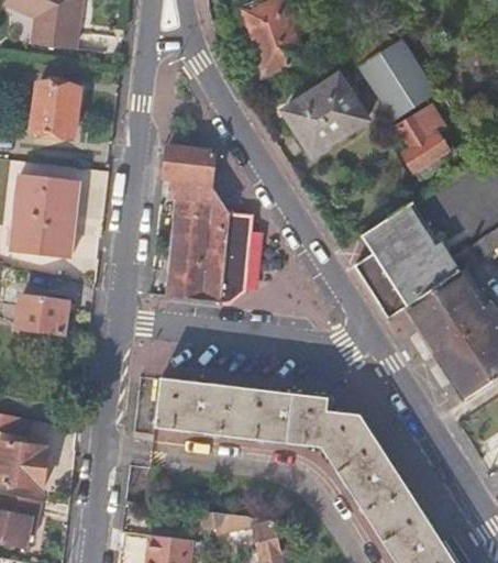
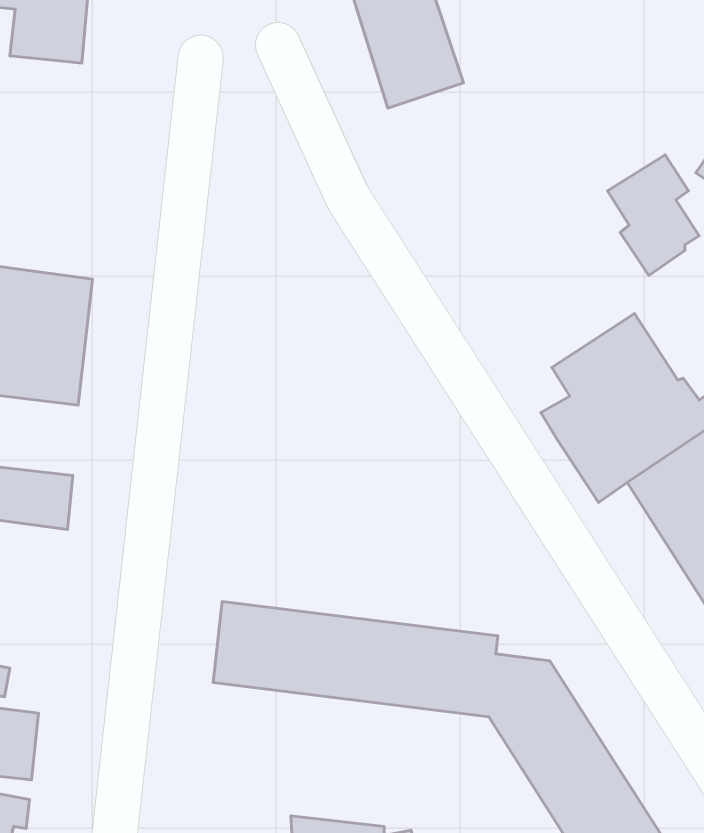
building: [343,25,429,123] -> none
building: [283,74,367,156] -> none
building: [32,84,79,135] -> none
building: [163,144,251,303] -> none

